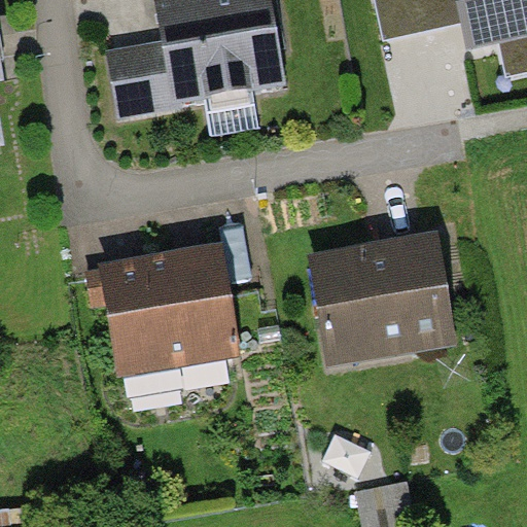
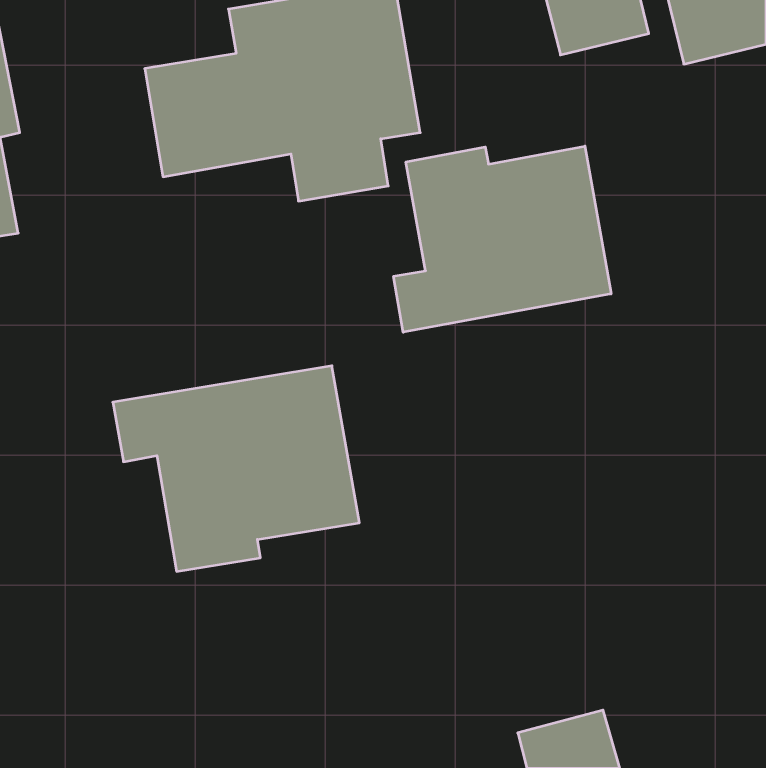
building: none -> [394,146,611,332]
building: [315,234,457,364] -> none

